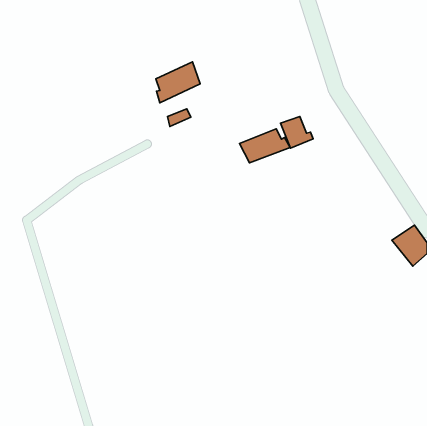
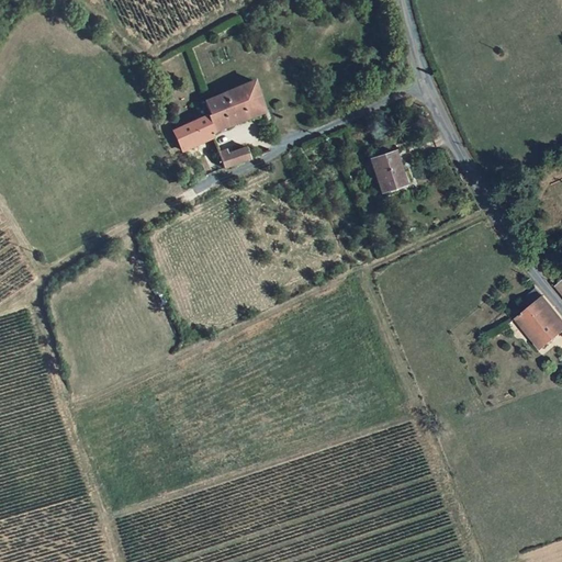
building: none -> [175,120,212,150]
building: [239,129,290,163] -> none

